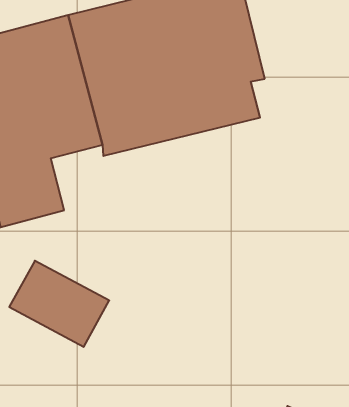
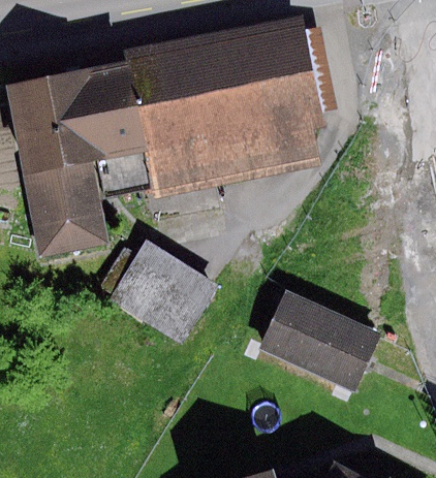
building: none -> [260,289,385,391]
building: [9,261,109,347] -> [113,242,215,332]

